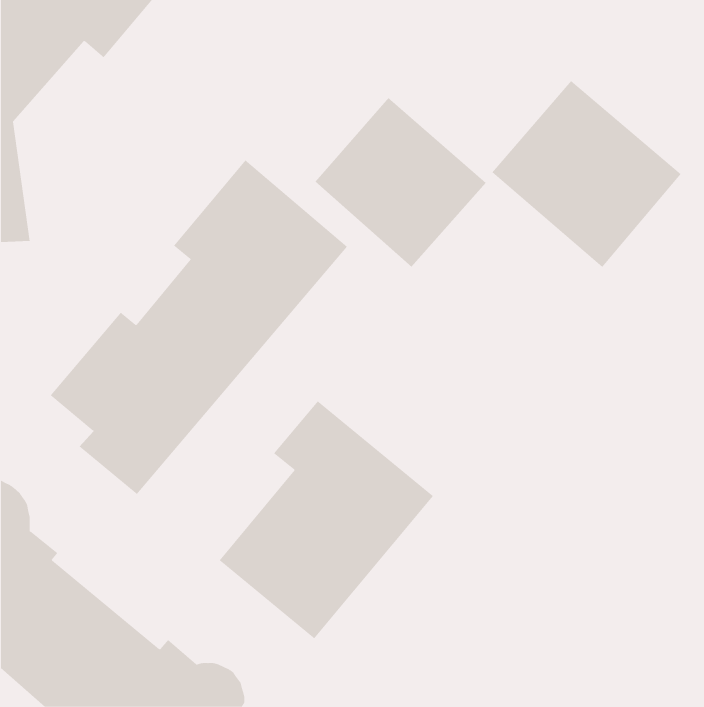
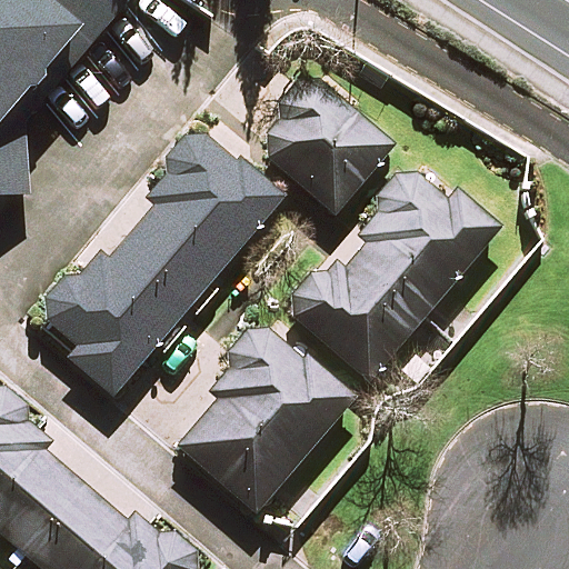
building: [491,80,682,268] -> none
building: none -> [289,161,497,380]

